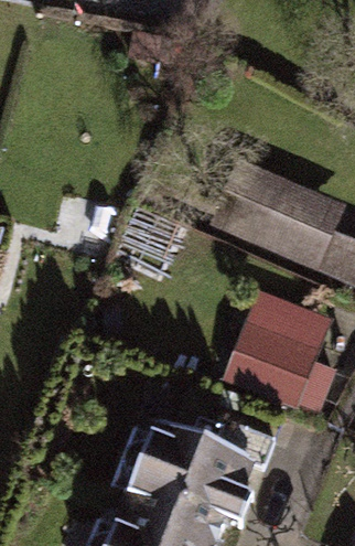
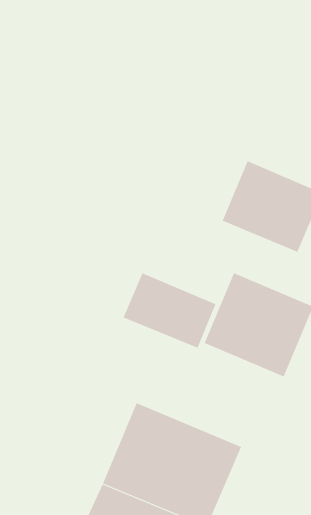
building: none -> [123,272,216,349]

